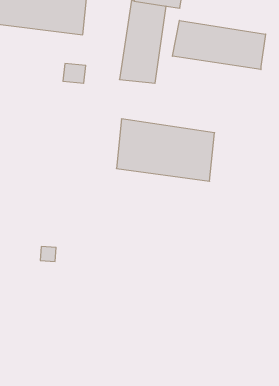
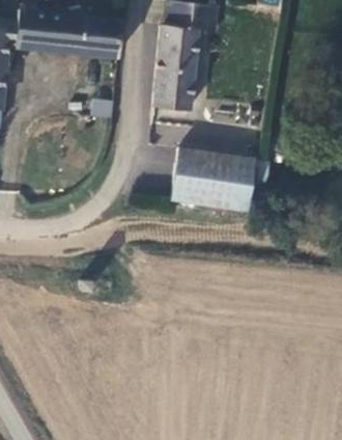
building: [172,20,266,70] -> none

